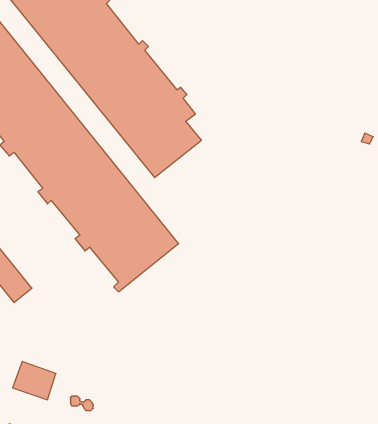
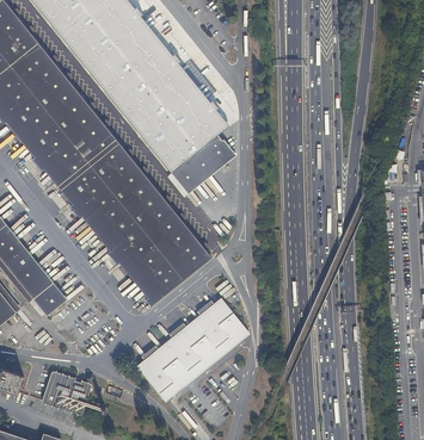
building: none -> [136,299,247,399]

